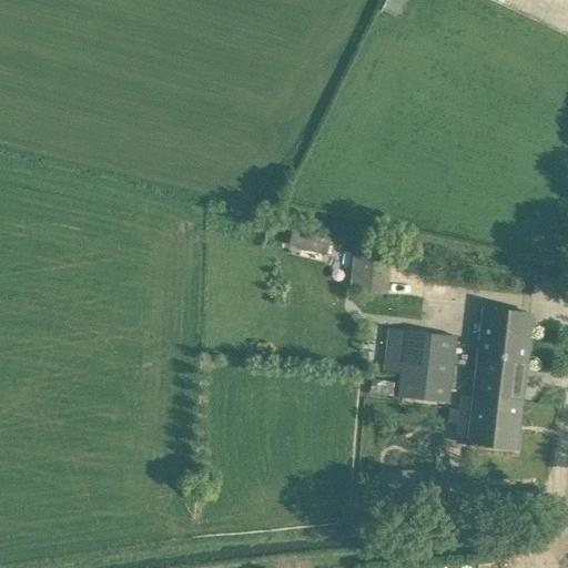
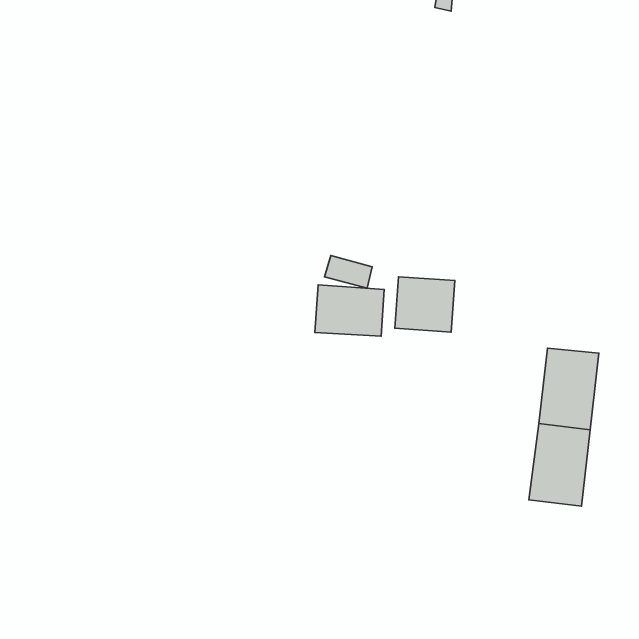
building: none -> [315,285,384,336]
building: [396,332,456,403] -> none

